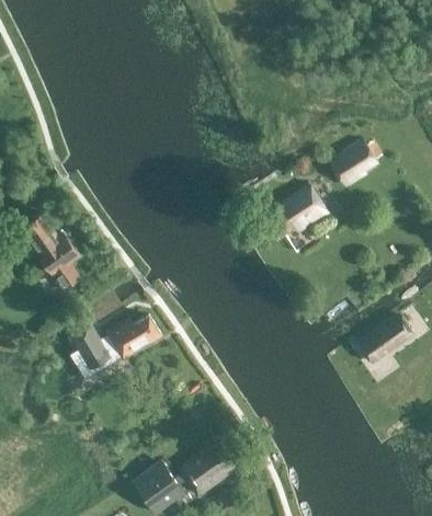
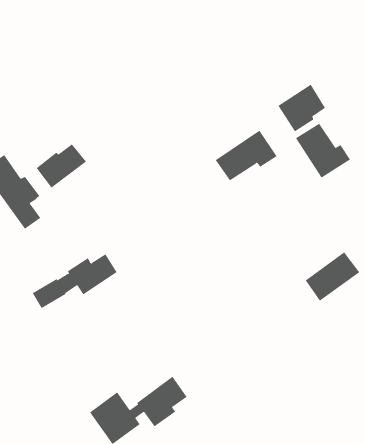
building: none -> [295,123,351,179]
building: none -> [36,144,87,188]

